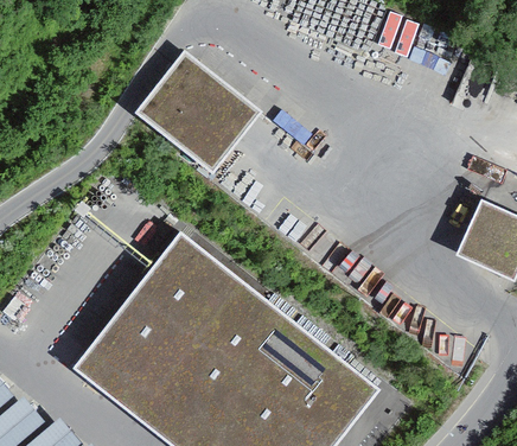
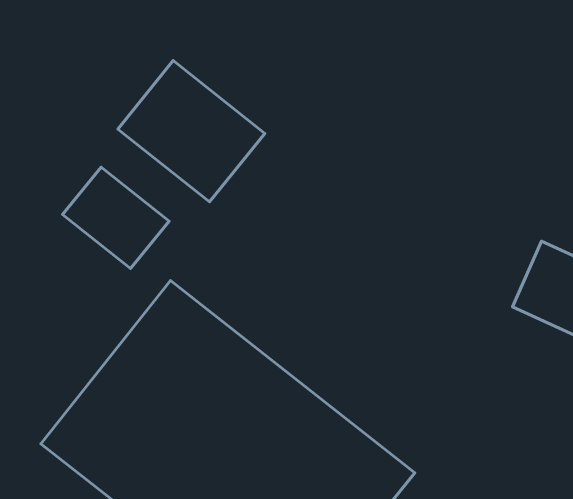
building: none -> [62,167,169,268]

